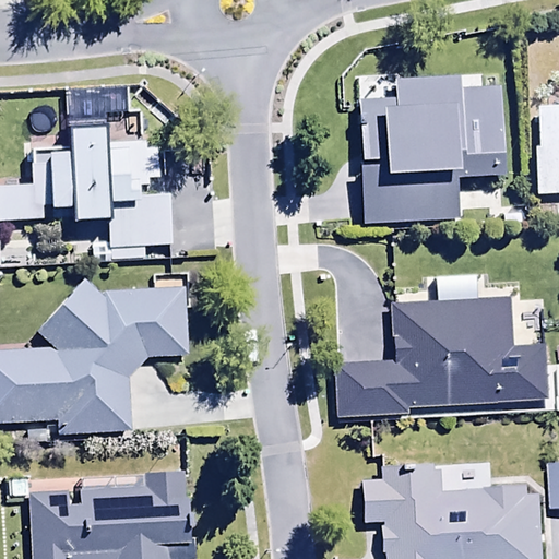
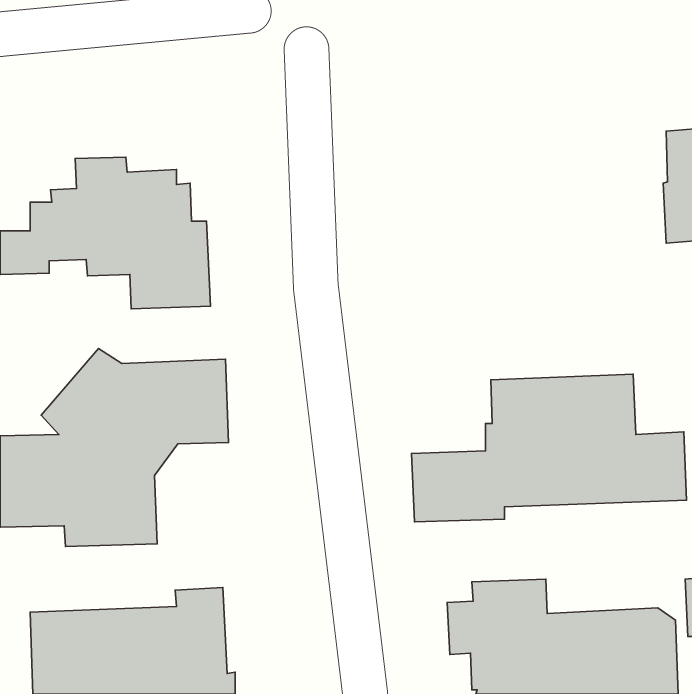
building: [360,74,503,223] -> none

